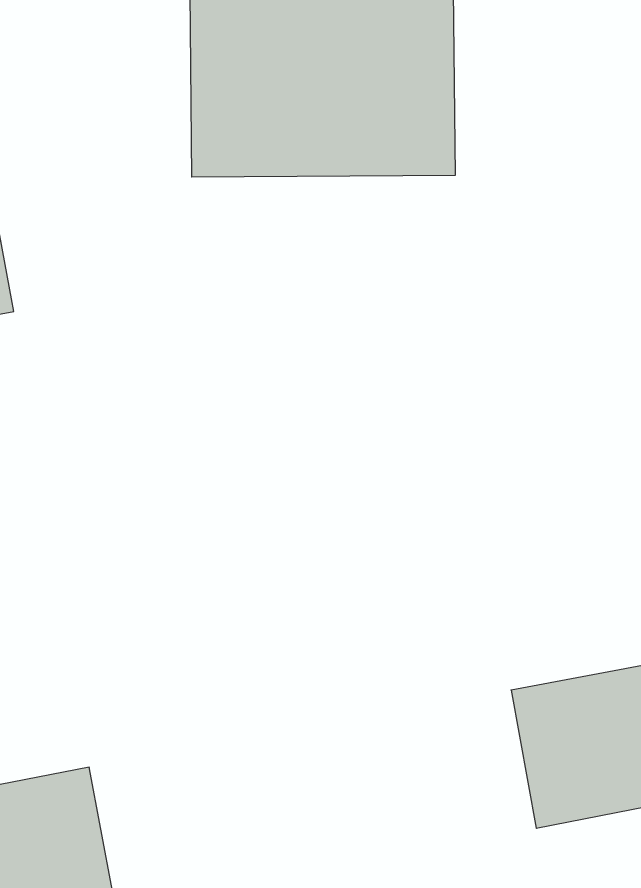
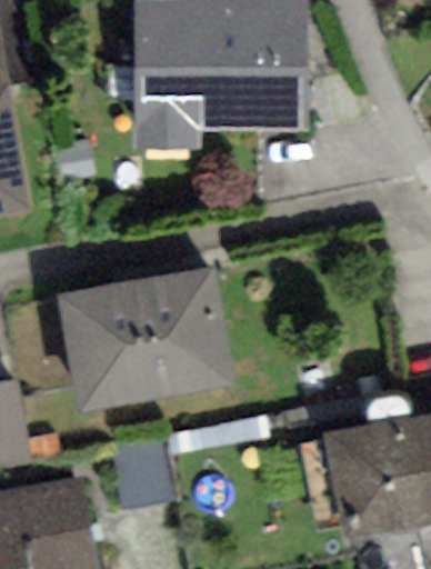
building: none -> [54,274,224,403]

